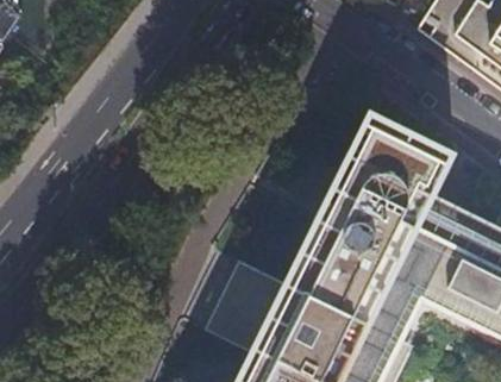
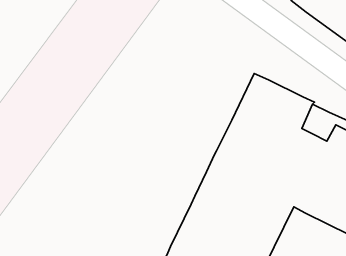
building: [212,263,293,353] -> none

